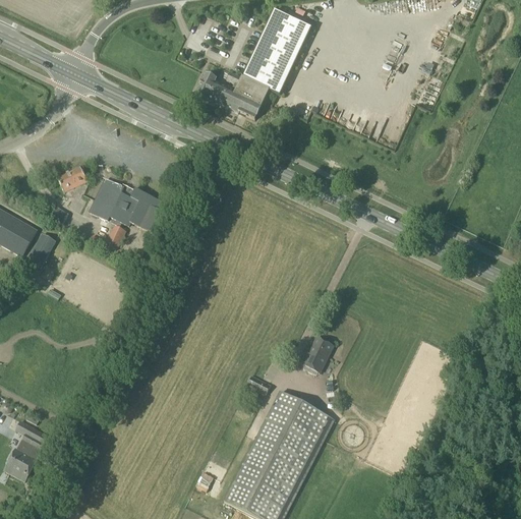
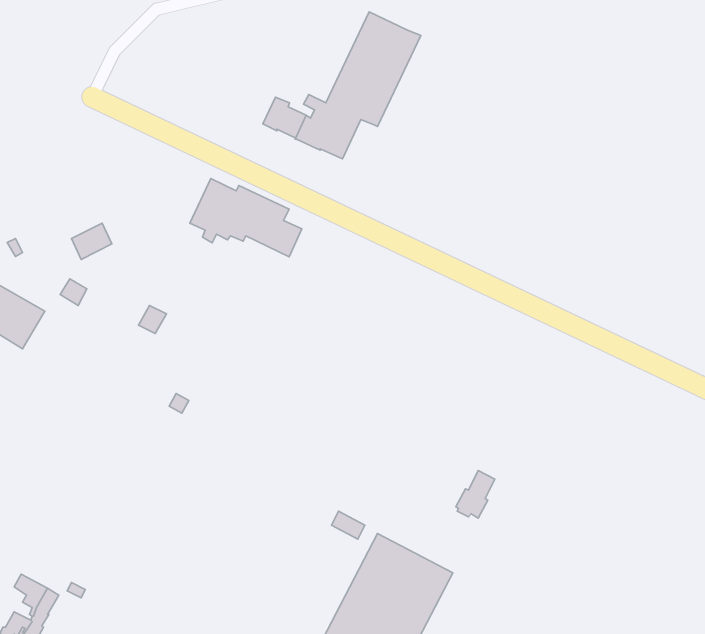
building: [90,178,171,235] -> [190,178,302,257]
building: [25,232,56,267] -> none
building: [302,337,331,371] -> [456,471,495,518]

